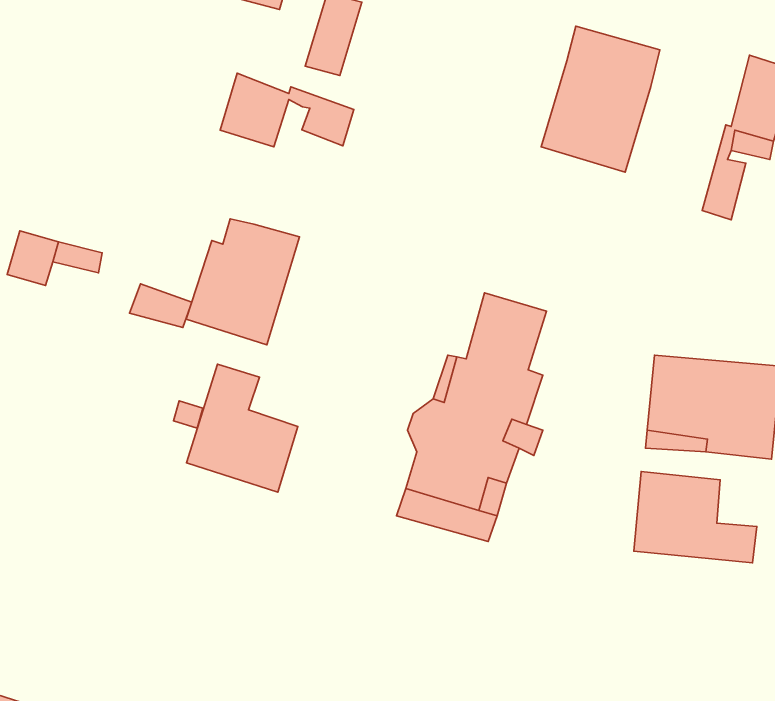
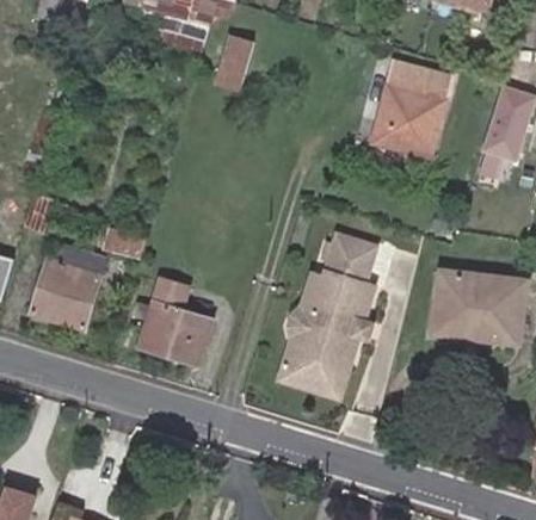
building: [220,73,354,147] -> none
building: [186,219,300,345] -> [30,244,104,327]
building: [634,472,757,563] -> none

